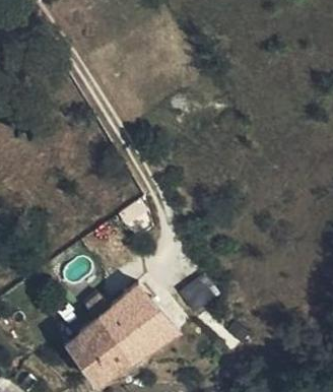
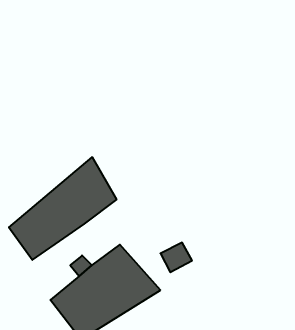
building: none -> [9,157,116,260]

